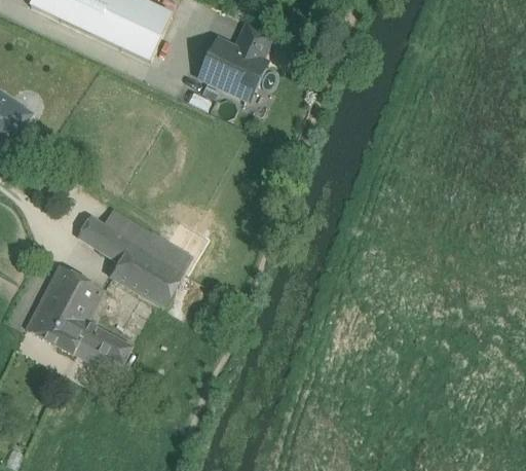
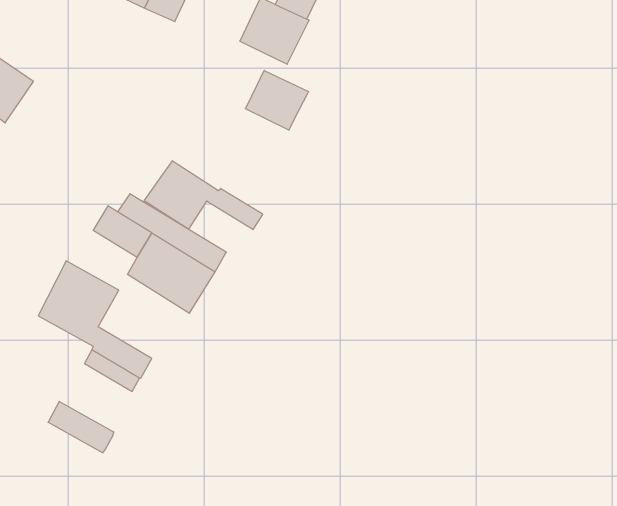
building: none -> [246,70,308,130]
building: none -> [144,161,263,230]
building: [26,310,81,353] -> [48,402,114,453]

